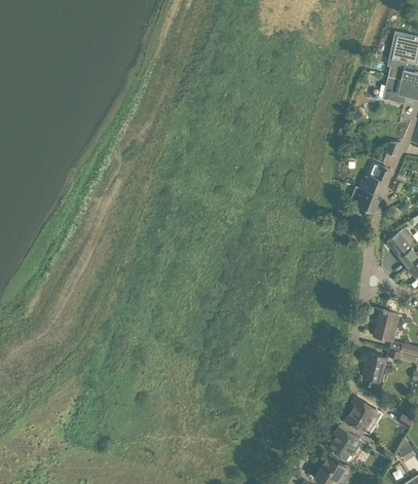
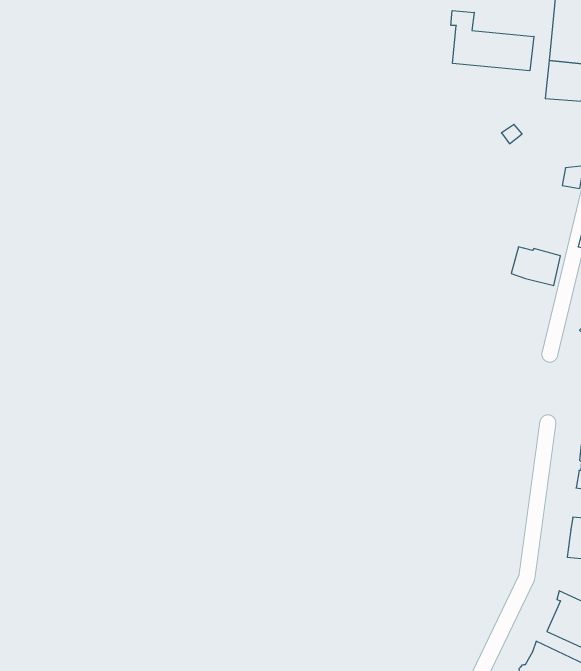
building: none -> [451,11,534,71]
building: [365,163,390,195] -> none

